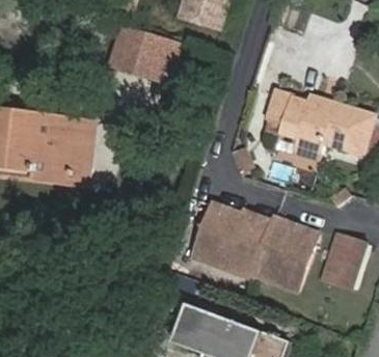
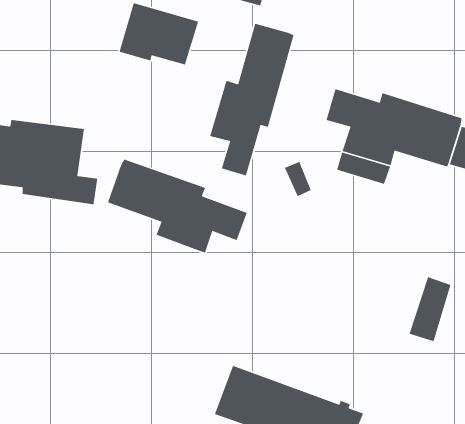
building: none -> [209,23,295,177]
building: none -> [107,158,248,254]
building: [195,203,320,291] -> none

